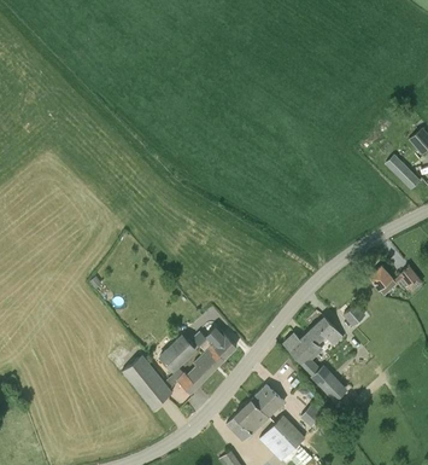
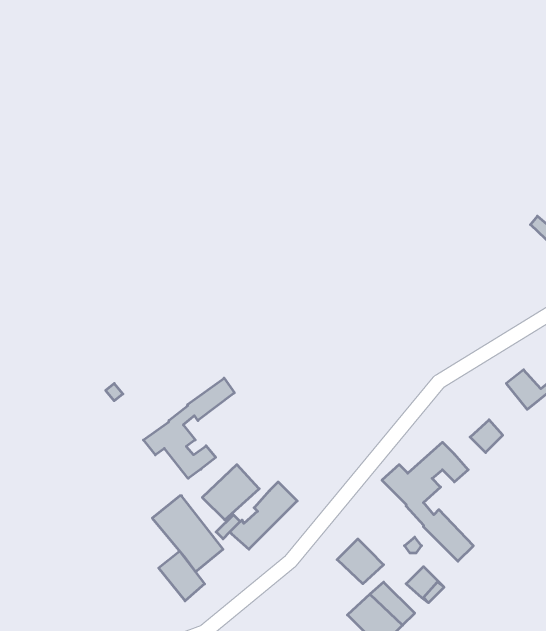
building: none -> [143,378,234,478]
building: [192,326,236,359] -> none
building: none -> [159,551,205,601]
building: [225,400,269,441] -> none

